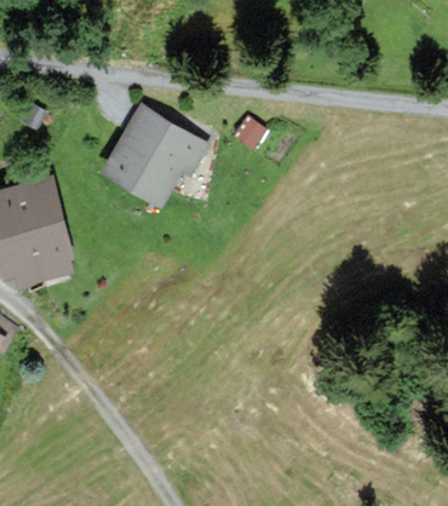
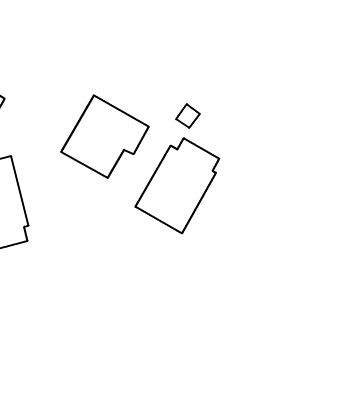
building: none -> [135,138,219,233]

